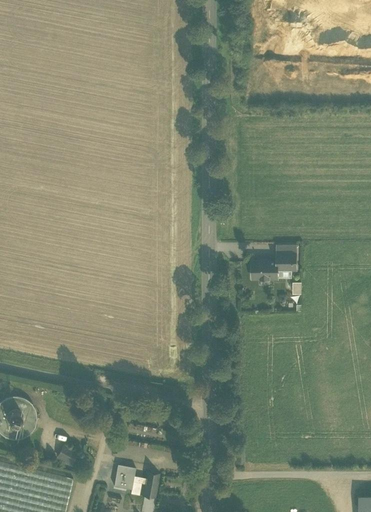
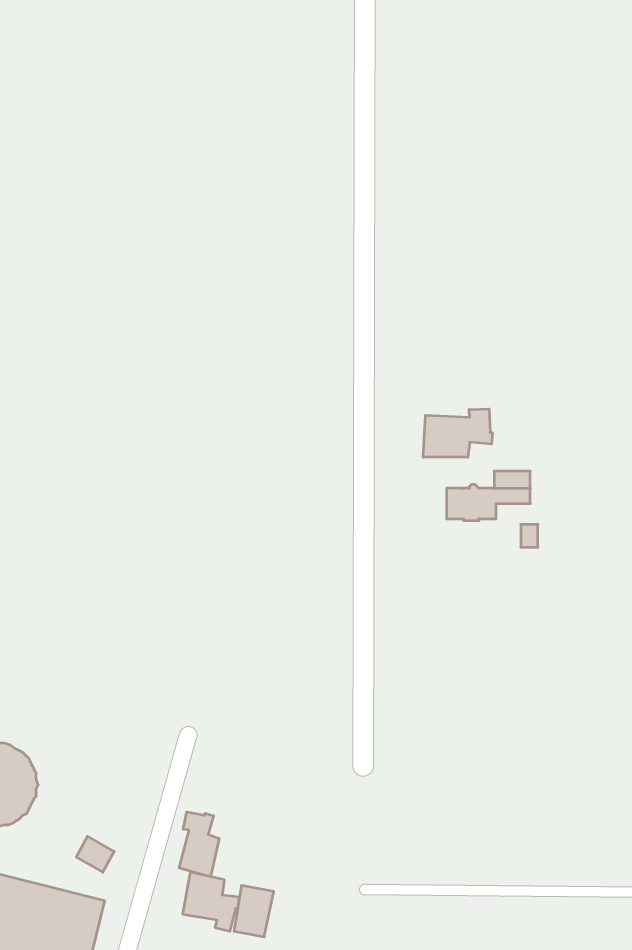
building: none -> [423,409,492,457]
building: none -> [179,812,219,877]

